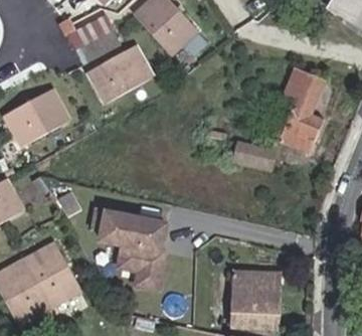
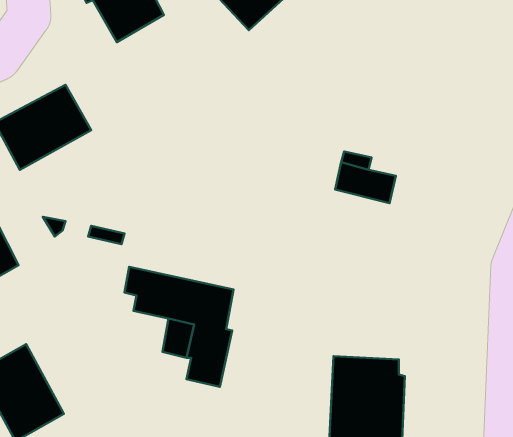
building: [89,44,153,101] -> none
building: [268,67,323,154] -> none
building: [27,244,83,308] -> none

